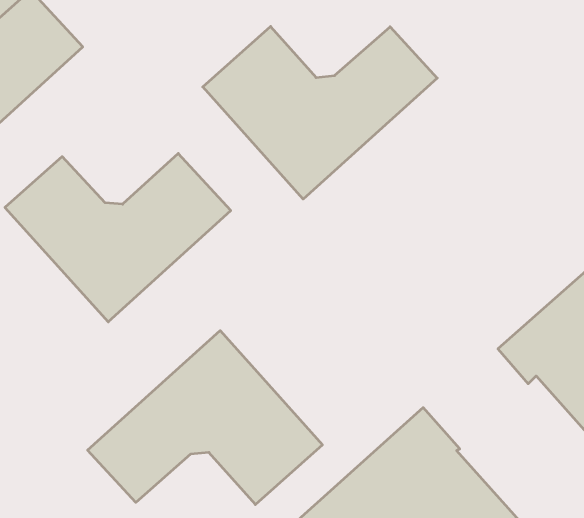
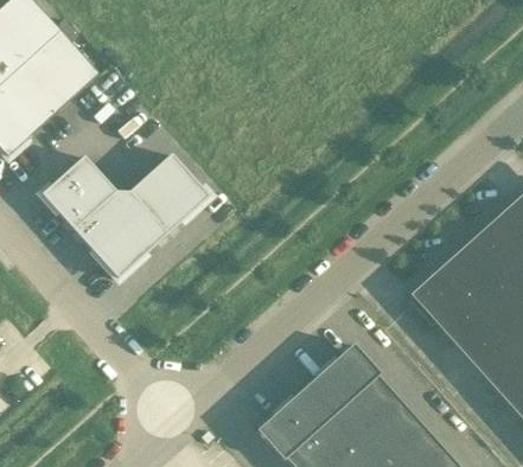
building: [203,26,437,199] -> none
building: [88,331,322,505] -> none

